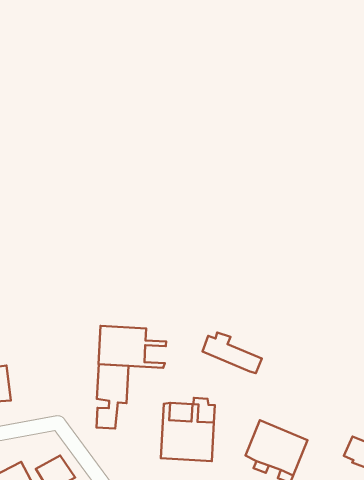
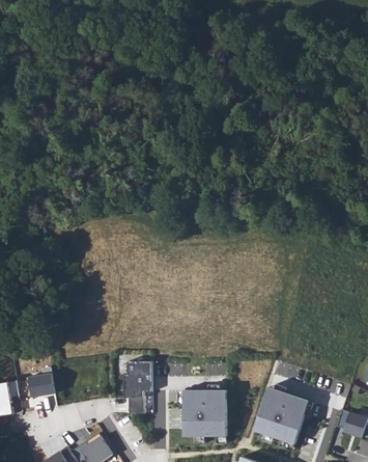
building: [98,326,166,368] -> none
building: [202,332,262,373] -> [264,383,314,415]

